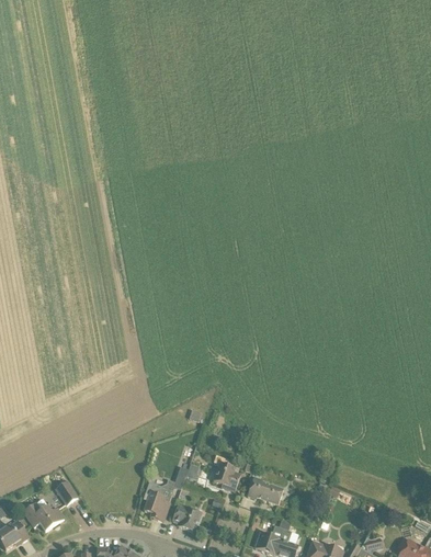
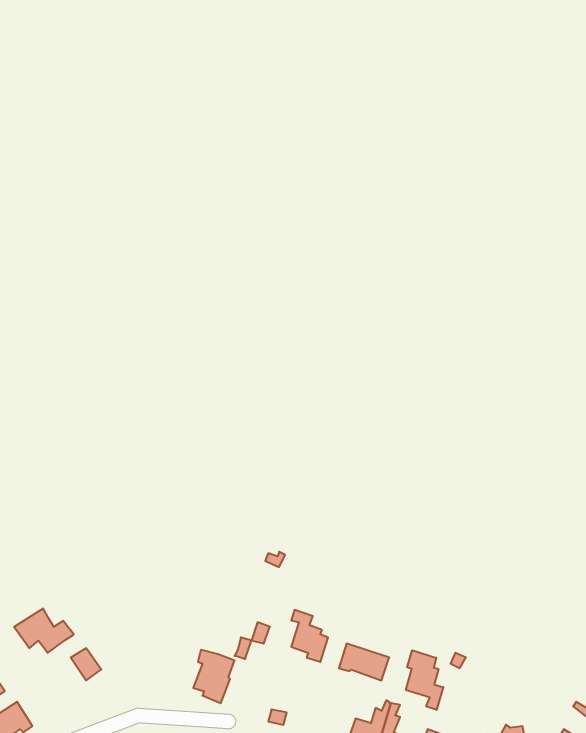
building: none -> [406,650,443,710]
building: [21,500,64,532] -> [14,609,74,653]
building: [172,507,201,532] -> none

